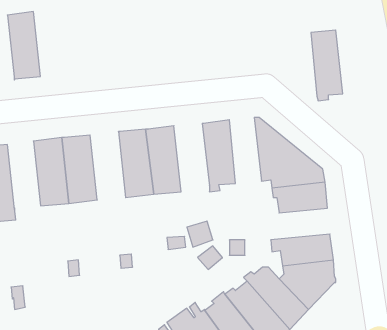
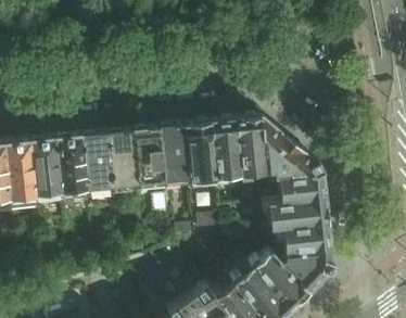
building: [7,12,40,80] -> [28,138,59,201]
building: [311,30,343,101] -> [232,116,262,181]
building: none -> [181,122,214,187]
building: none -> [104,129,137,192]
building: none -> [259,200,325,230]

